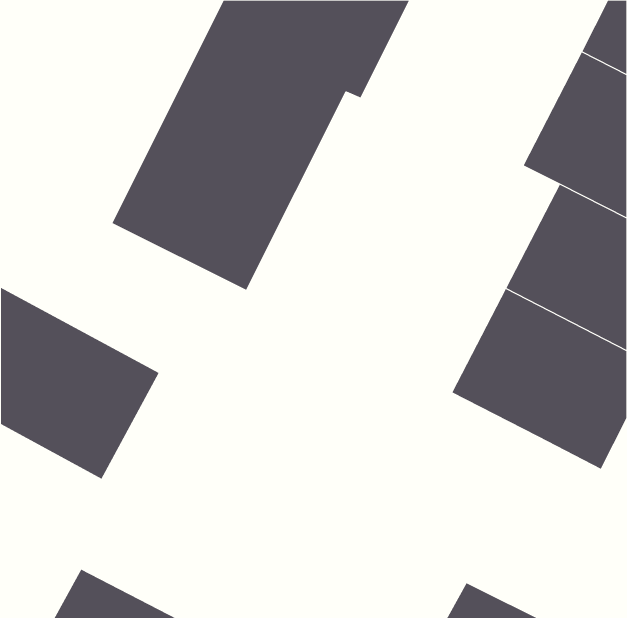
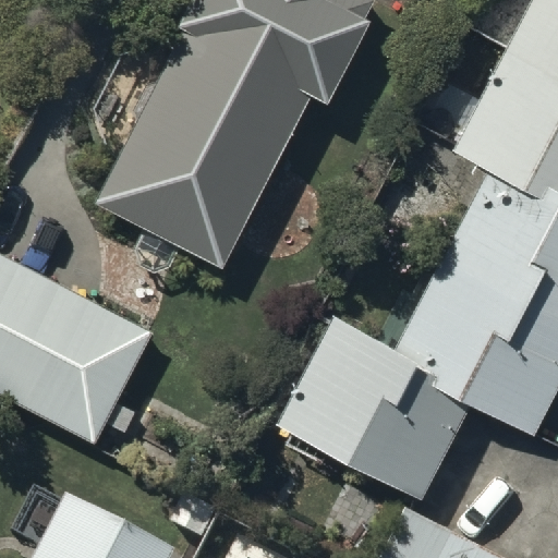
building: none -> [290,326,477,497]

